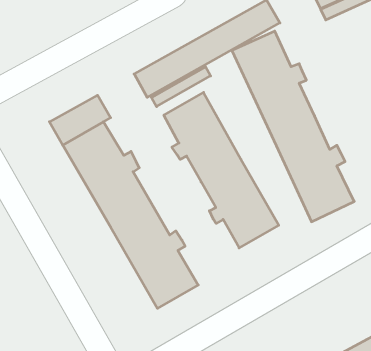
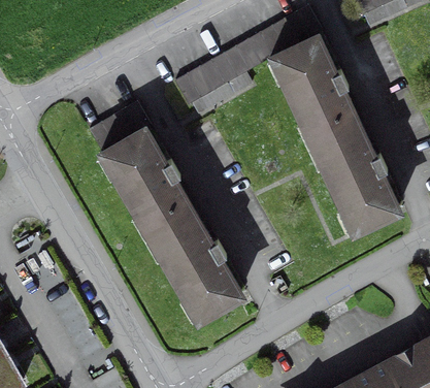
building: [164,92,279,248] -> none

